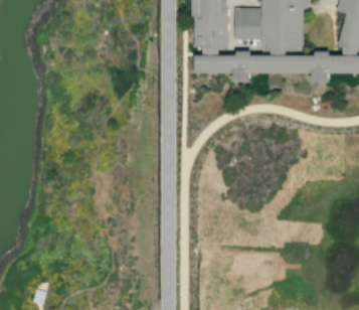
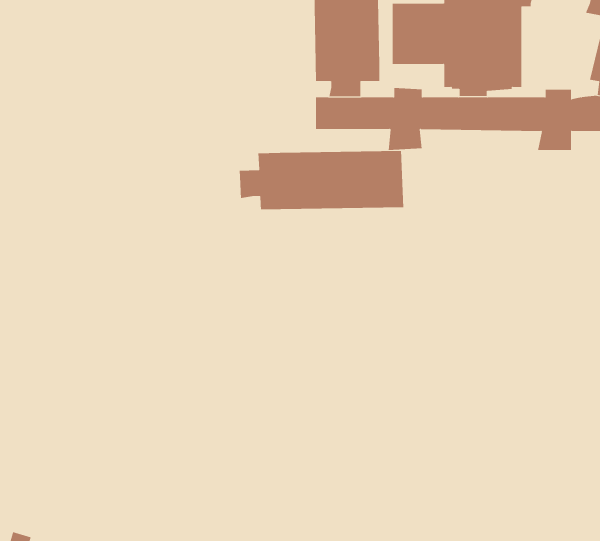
building: none -> [239,150,404,210]

